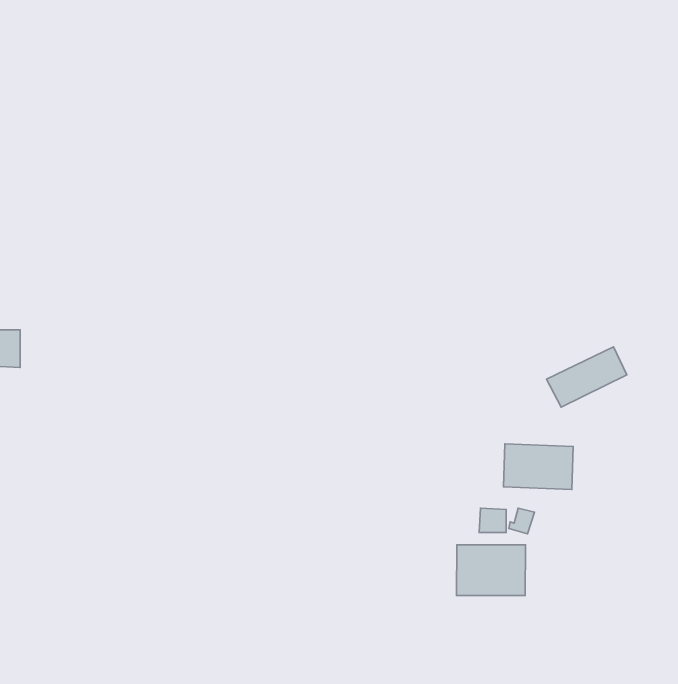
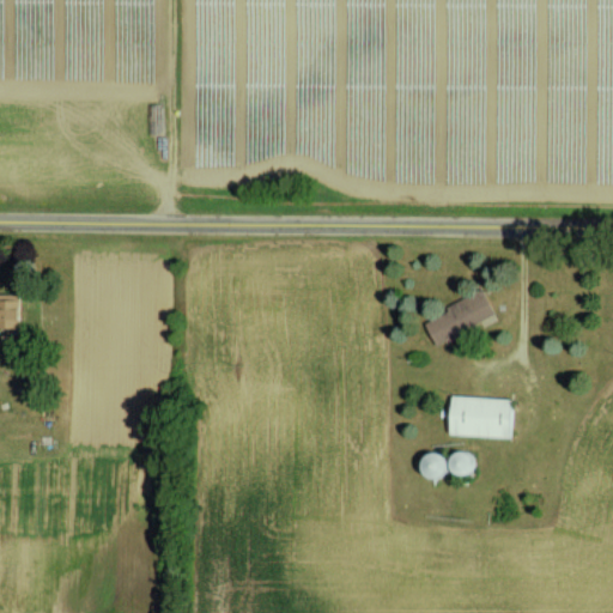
building: [546,347,627,407] -> [421,292,493,346]
building: [456,545,526,595] -> none

